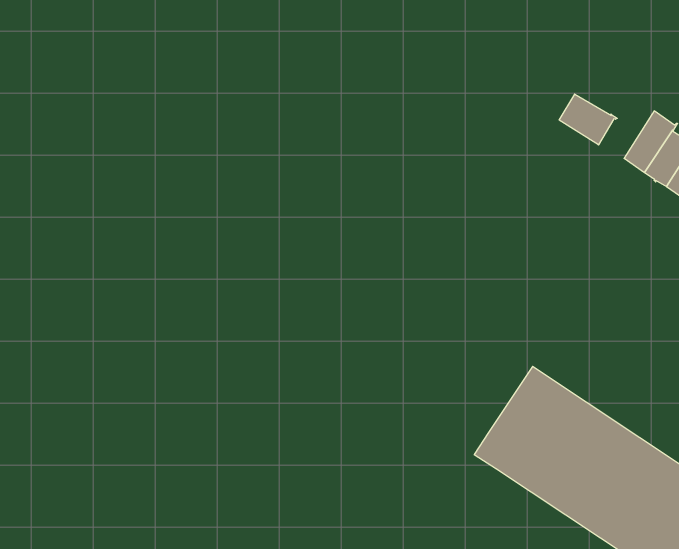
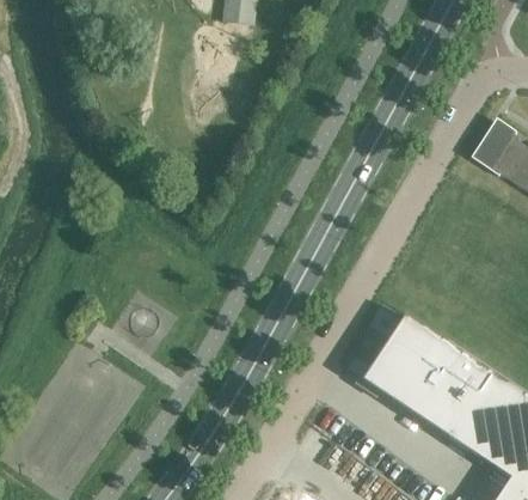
building: [559,94,617,145] -> none

